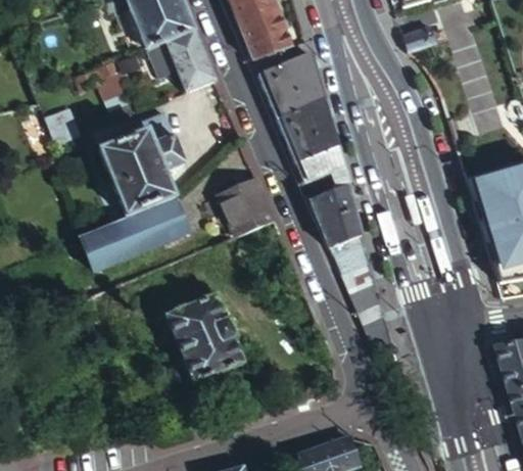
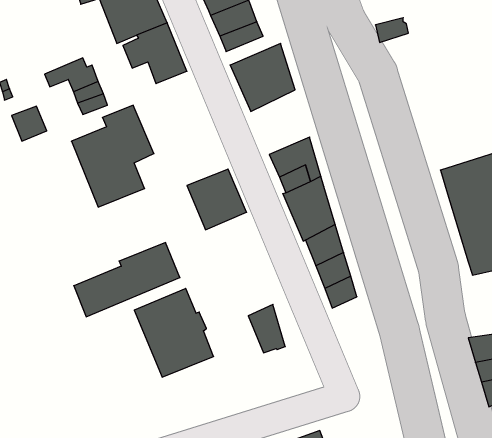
building: [280,97,338,161] -> none
building: [84,195,189,269] -> [74,243,180,317]
building: [361,302,397,350] -> [248,304,285,353]

